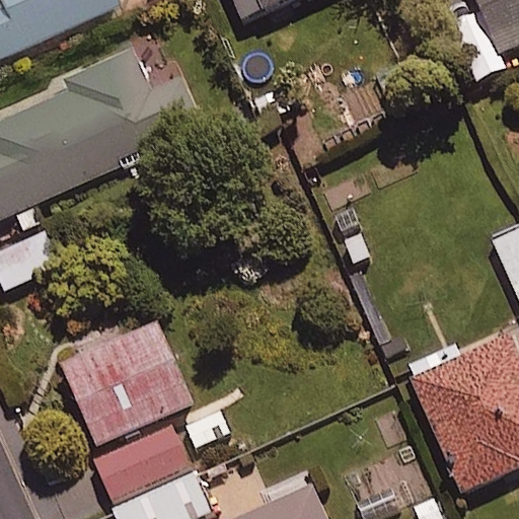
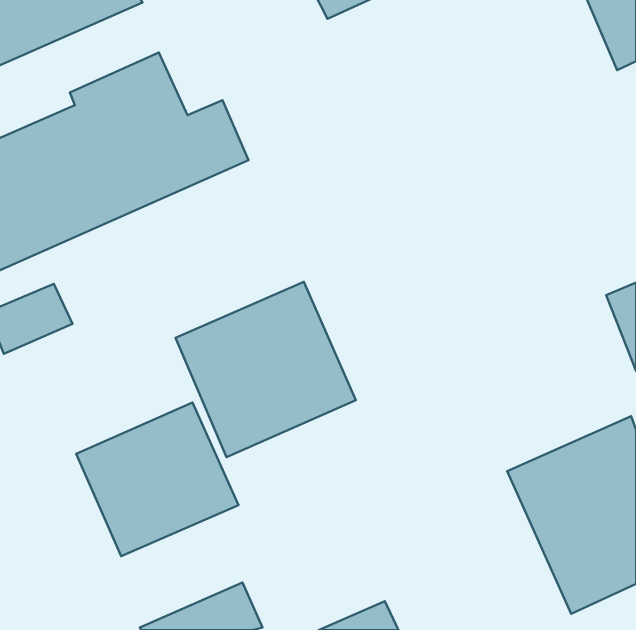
building: none -> [176,282,356,457]
building: [94,425,190,498] -> none

